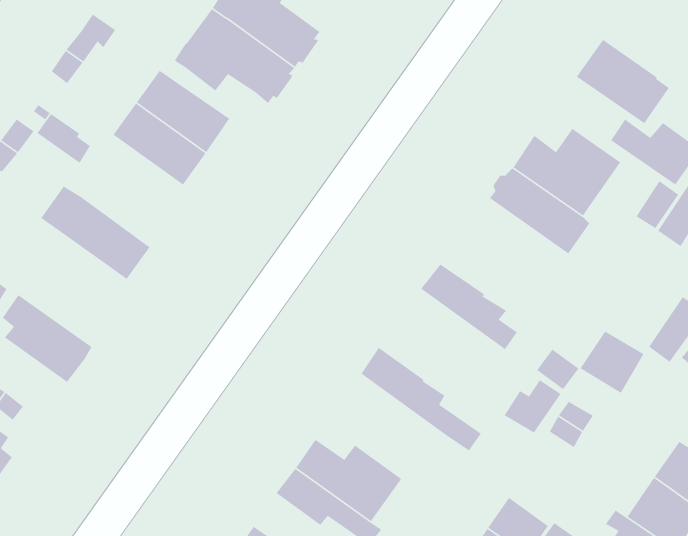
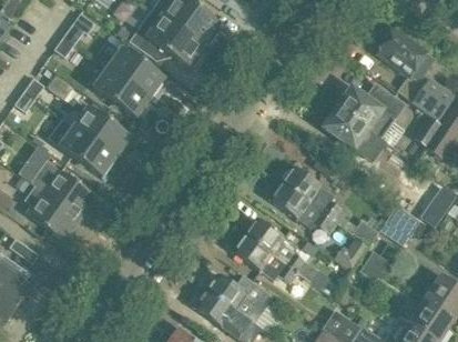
building: none -> [73,105,130,157]
building: none -> [31,160,95,218]
building: none -> [268,182,336,233]
building: none -> [232,234,296,284]

